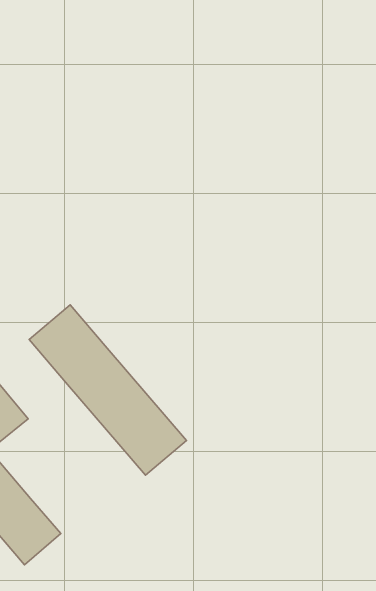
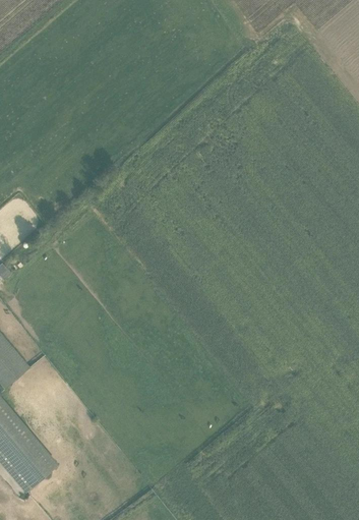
building: [29,305,186,475] -> none

